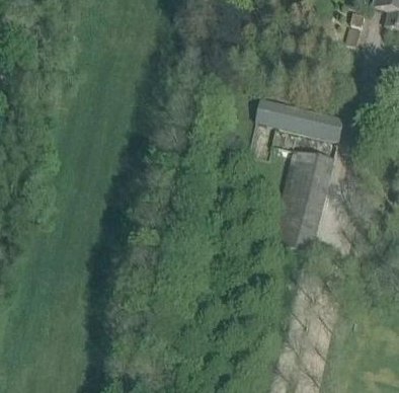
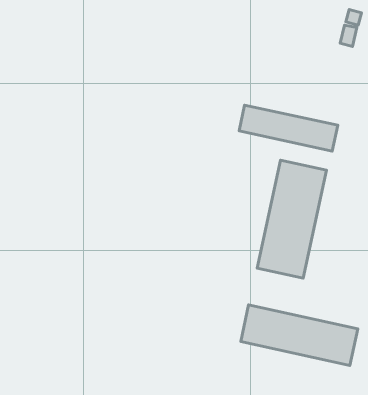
building: none -> [241,305,358,365]

